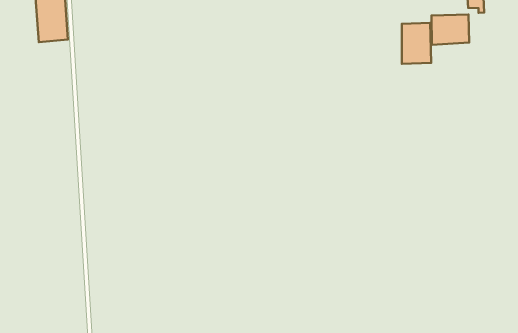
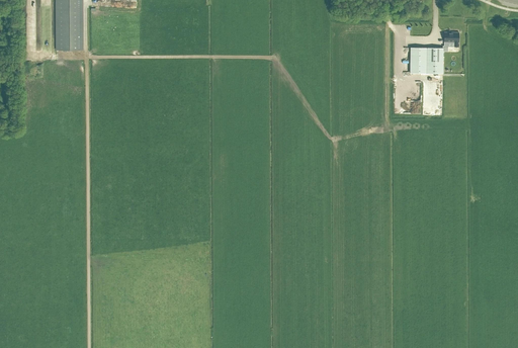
building: [402,23,431,64] -> none

